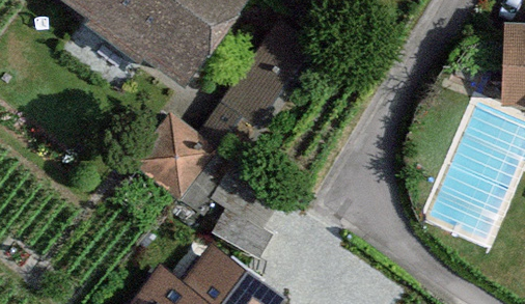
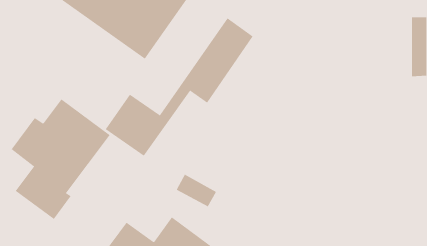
building: none -> [11,98,110,220]

